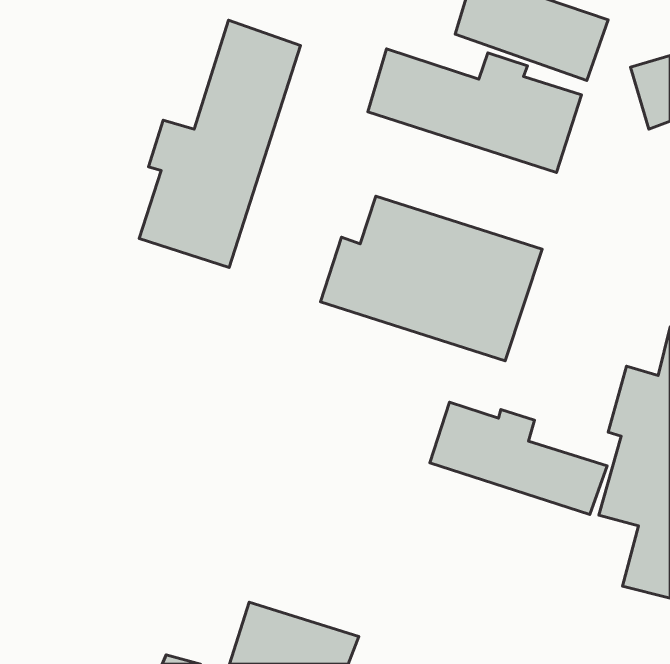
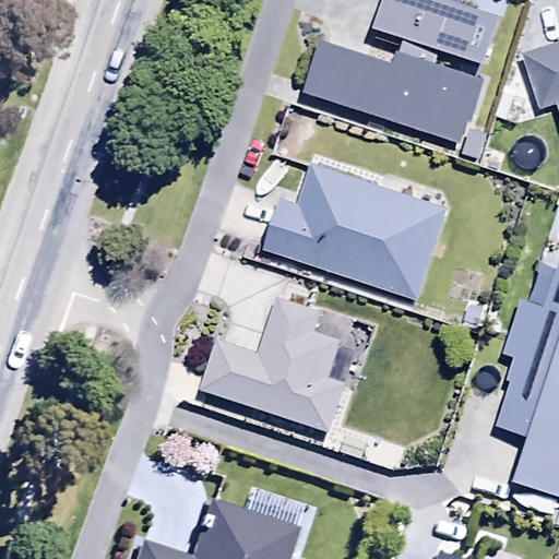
building: [139,20,301,267] -> none
building: none -> [200,299,346,433]
building: [430,402,607,514] -> none

